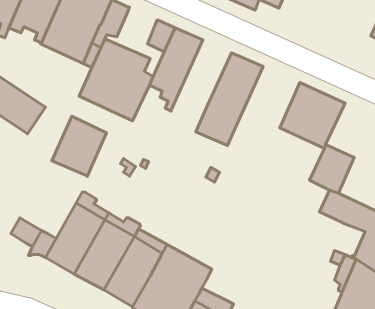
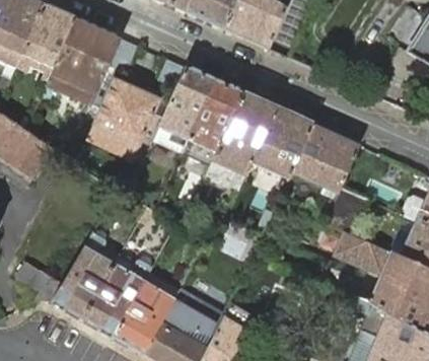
building: none -> [182,78,243,165]
building: none -> [251,105,313,188]
building: [52,116,107,177] -> none

